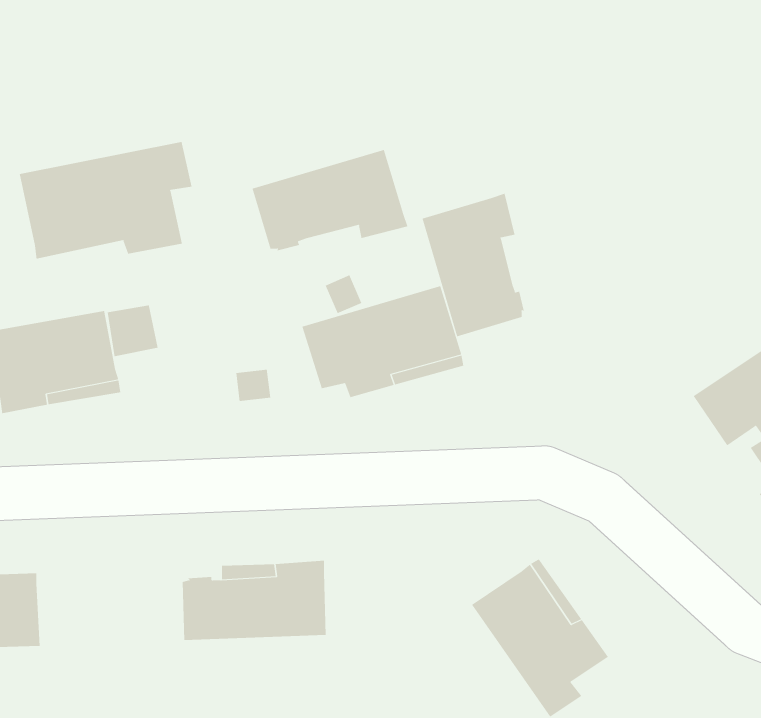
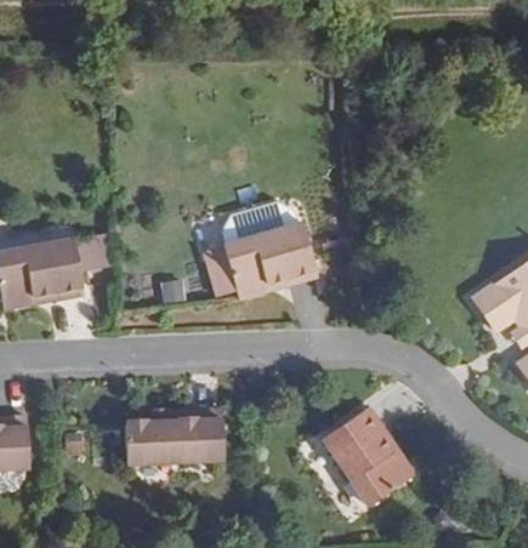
building: [19,141,192,259] -> none
building: [252,149,408,251] -> none
building: [422,193,525,337] -> none

